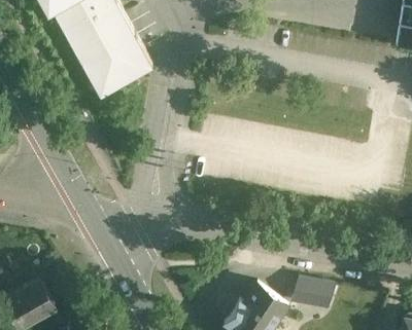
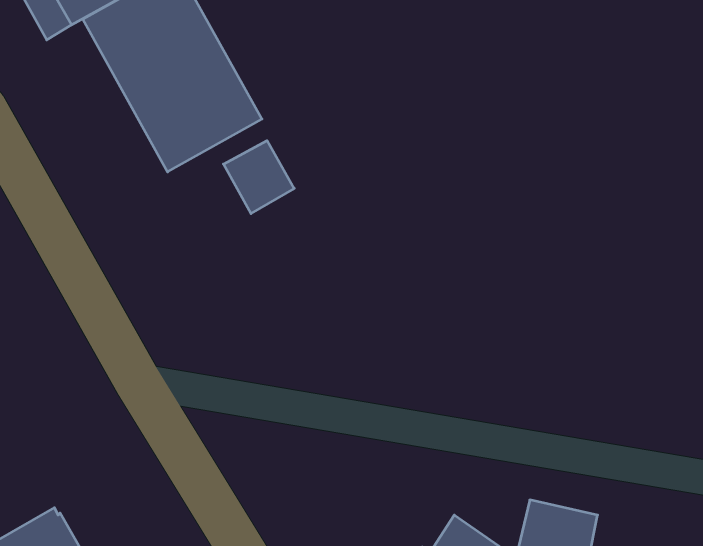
building: none -> [223,141,294,214]

